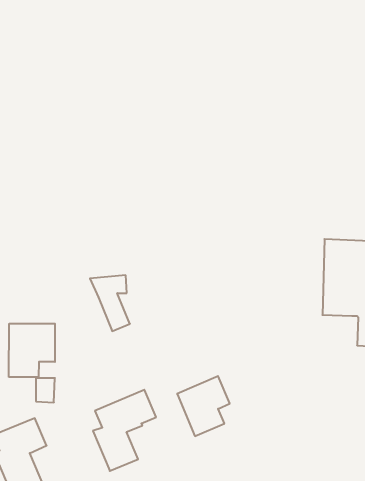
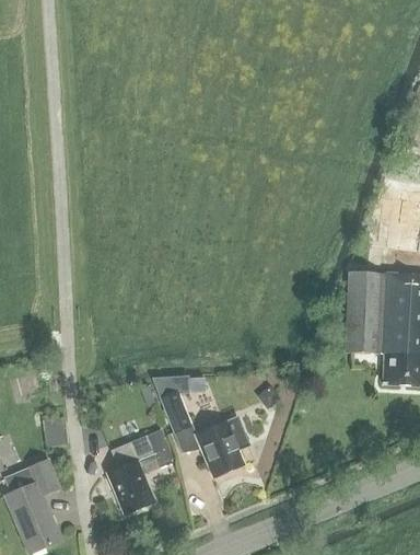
building: [90,275,130,331] -> [151,374,192,432]
building: [9,324,55,377] -> none

